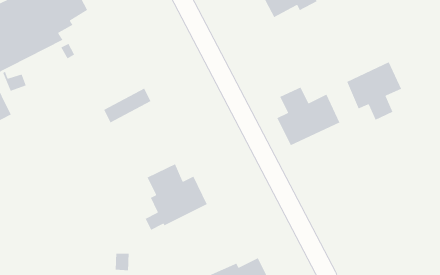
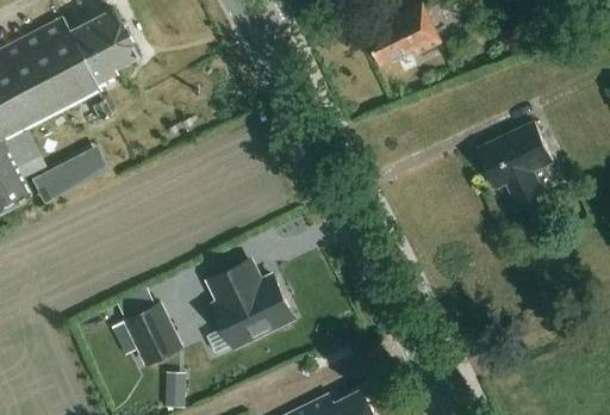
building: [276,86,340,146] -> none
building: [103,87,152,124] -> [33,148,99,197]
building: none -> [112,303,180,363]

